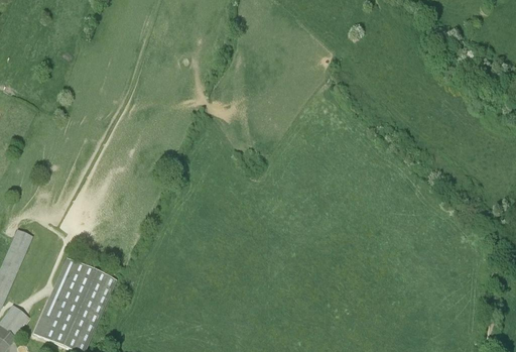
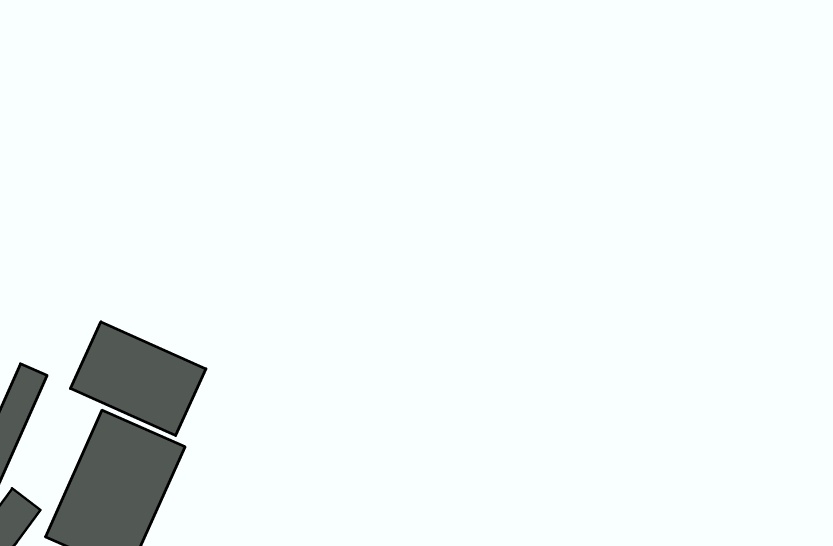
building: none -> [70,322,206,436]

